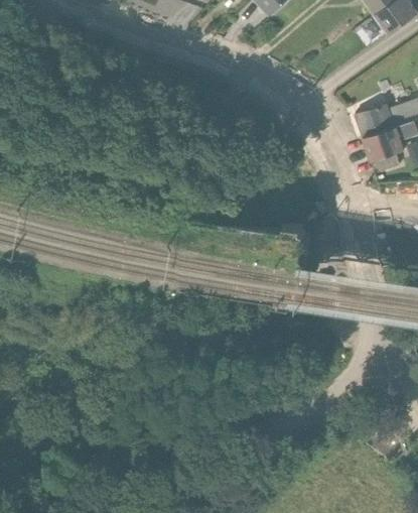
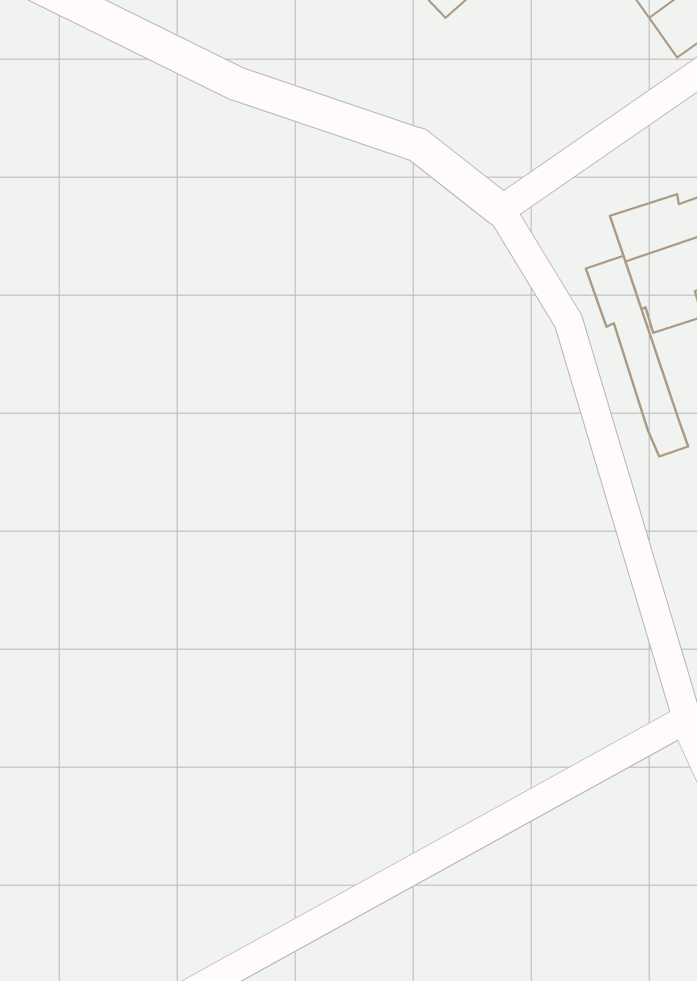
building: none -> [586,256,688,456]

